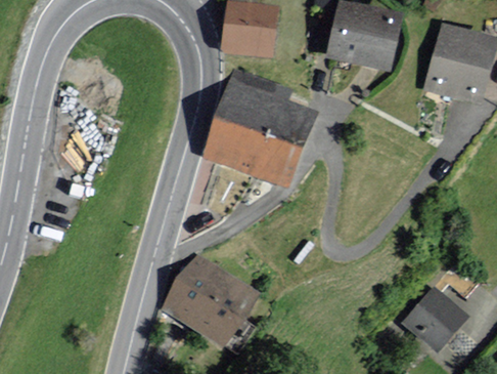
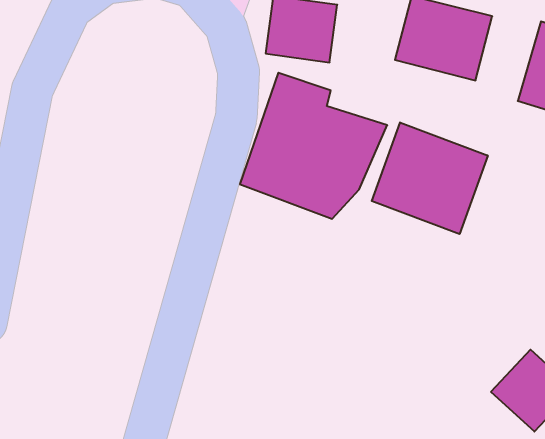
building: none -> [372,122,488,234]
building: [162,255,260,348] -> none

